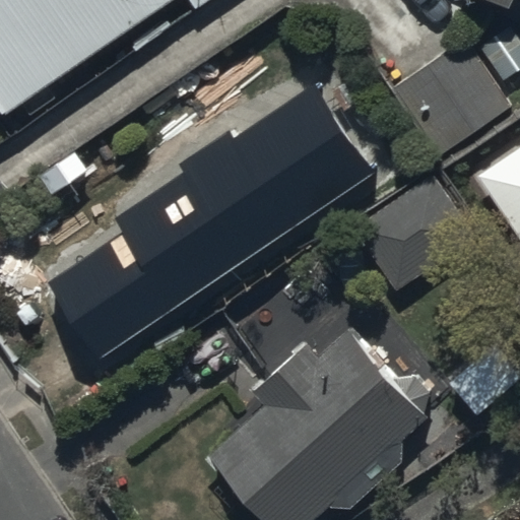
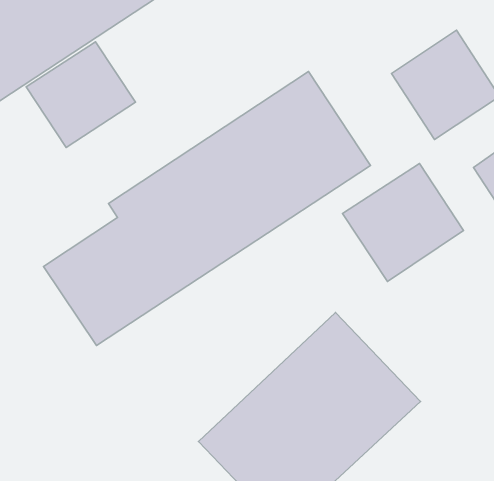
building: none -> [26,42,135,147]

